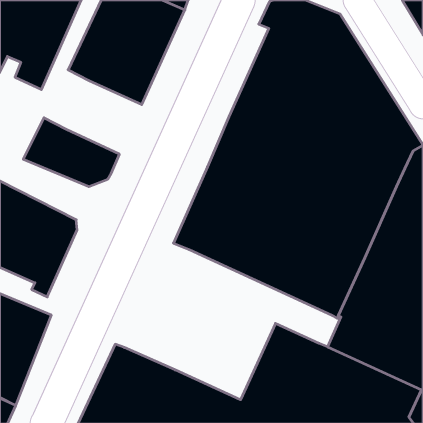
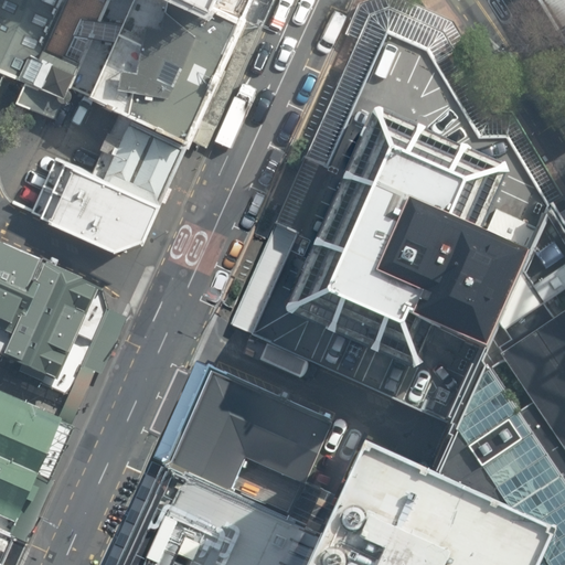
building: none -> [88,108,189,206]
building: none -> [153,360,334,515]

